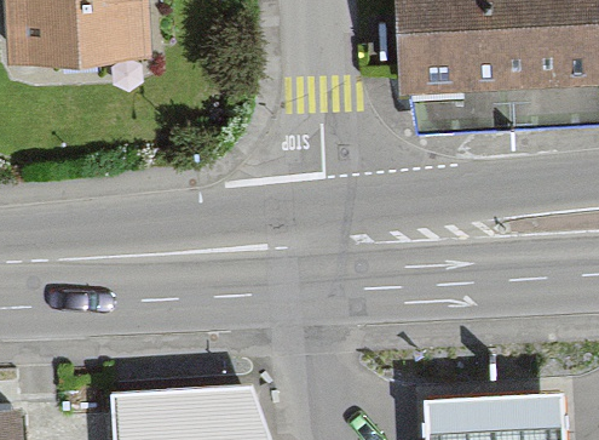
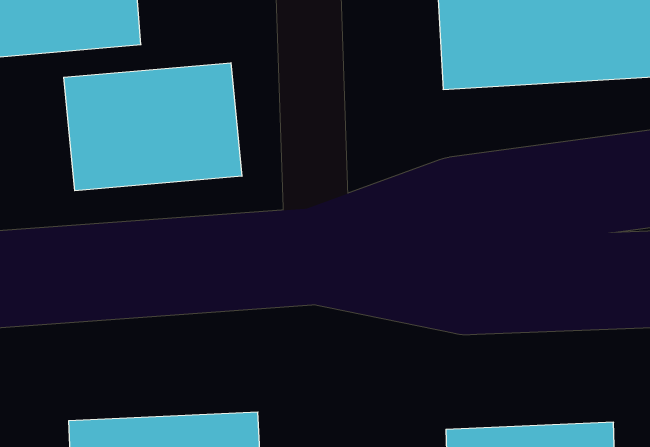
building: none -> [64,63,242,191]

